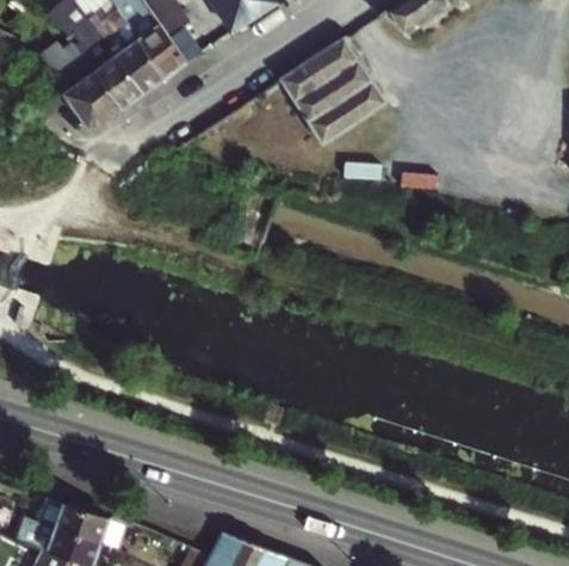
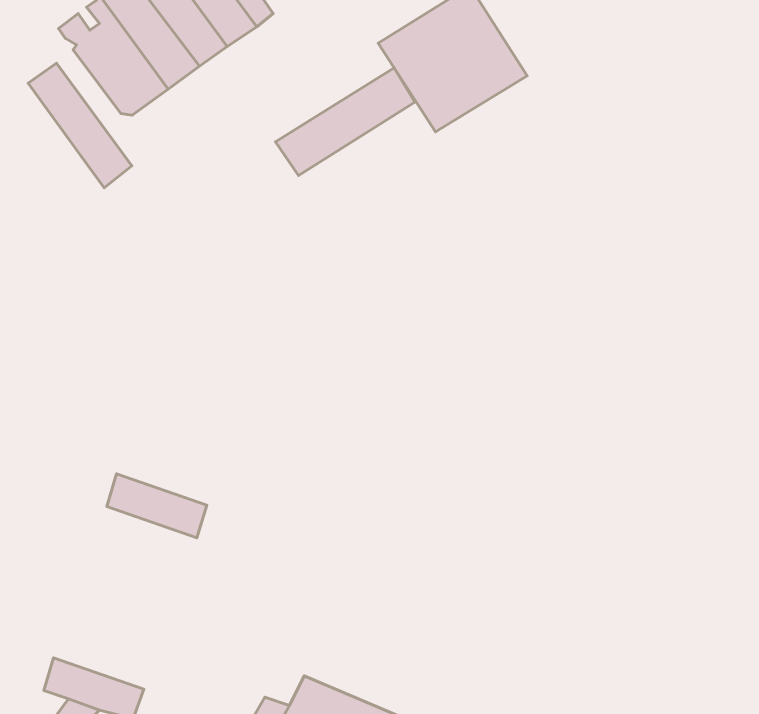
building: none -> [28,63,132,188]
building: none -> [276,68,415,175]
building: [43,498,116,545] -> [107,474,207,538]

